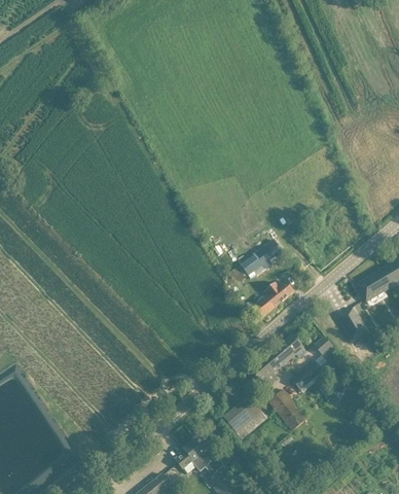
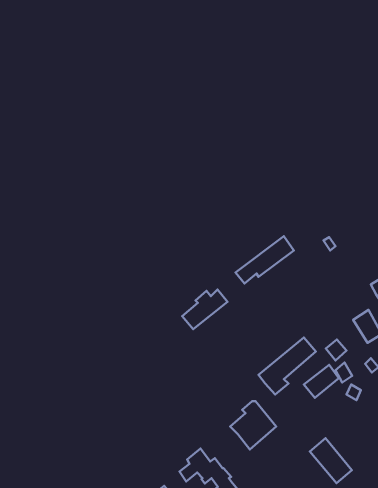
building: [253,282,295,319] -> [182,290,227,329]
building: [269,390,309,432] -> [310,438,352,483]

